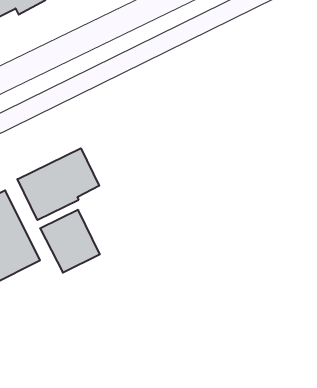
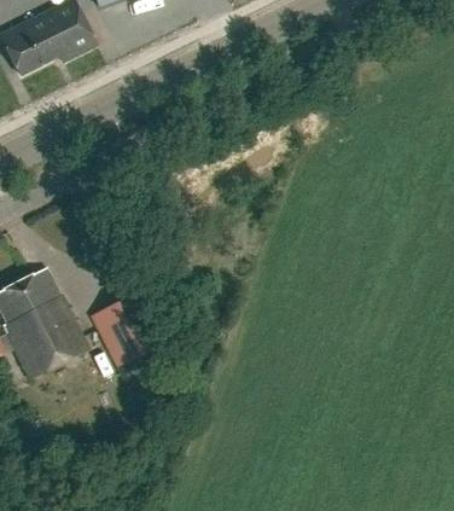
building: [17,148,99,220] -> none

